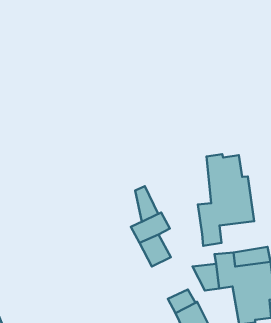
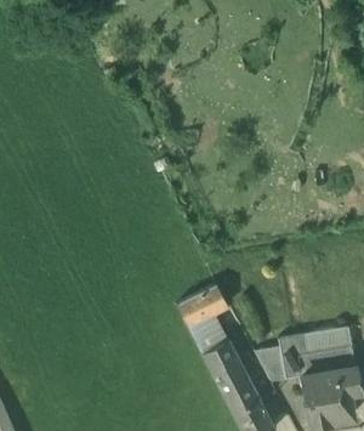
building: [198,154,254,246] -> none
building: [135,186,158,222] -> none
building: none -> [201,339,248,392]

